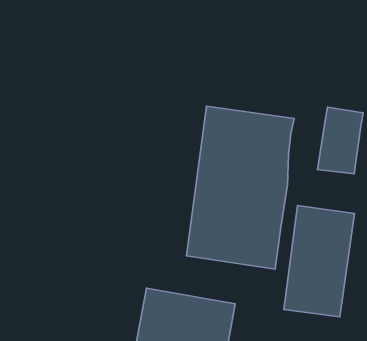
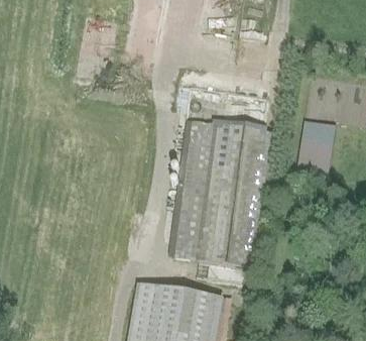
building: [284,206,355,317] -> none

